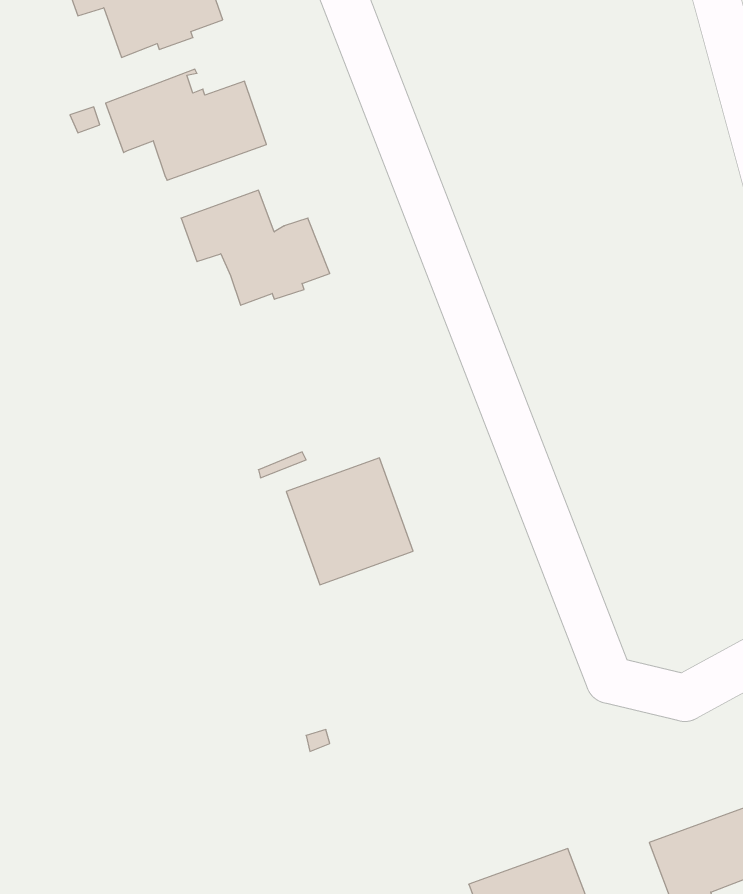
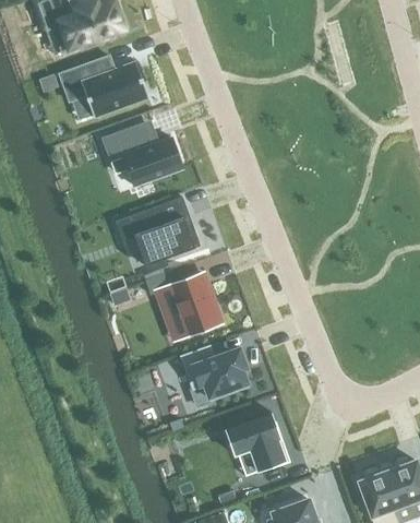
building: none -> [115,198,200,265]
building: none -> [179,345,249,402]
building: none -> [223,406,287,472]

